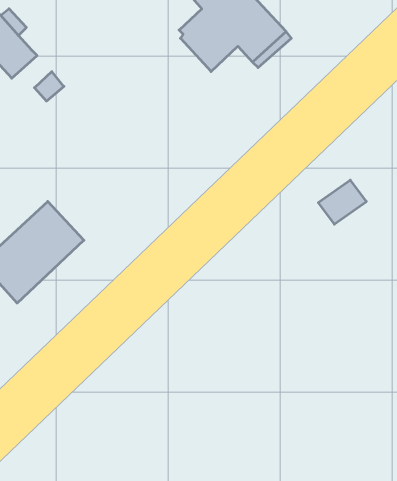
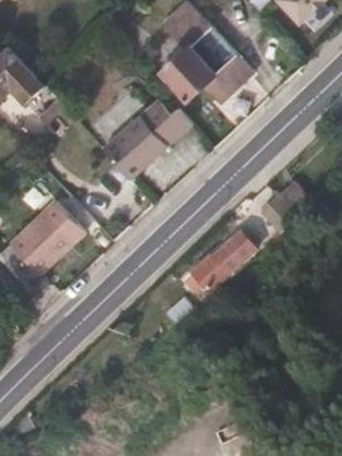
building: none -> [102,100,191,180]
building: none -> [193,229,266,293]

